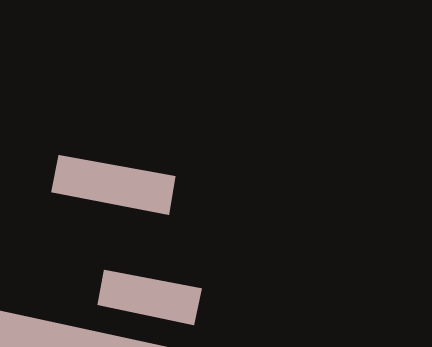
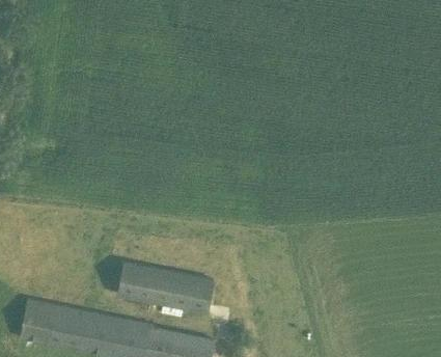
building: [51,154,176,216] -> none

